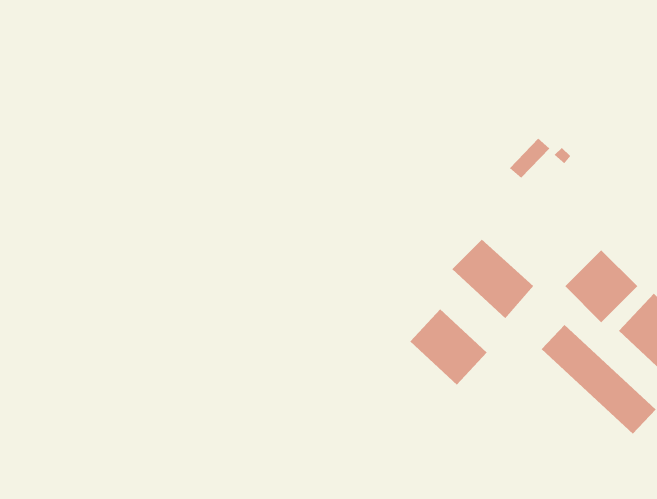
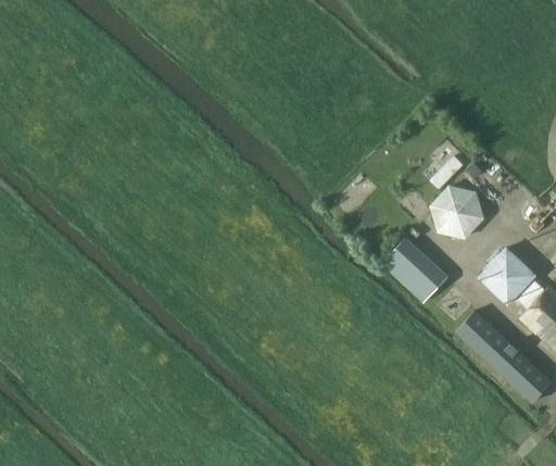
building: none -> [430,186,483,238]
building: [410,309,487,385] -> none

